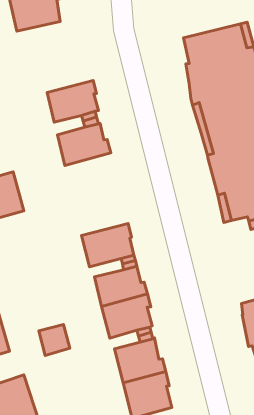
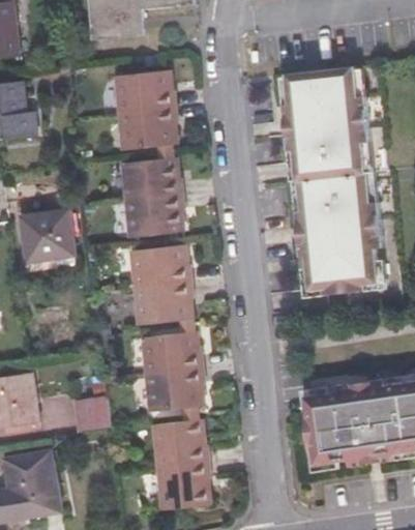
building: none -> [111,71,172,116]
building: none -> [126,197,184,241]
building: none -> [130,246,192,290]

